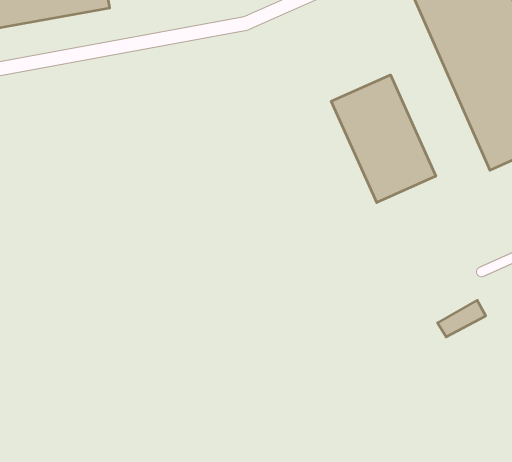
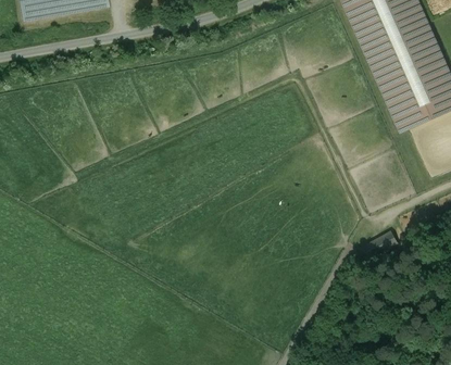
building: [331,75,436,203] -> none

